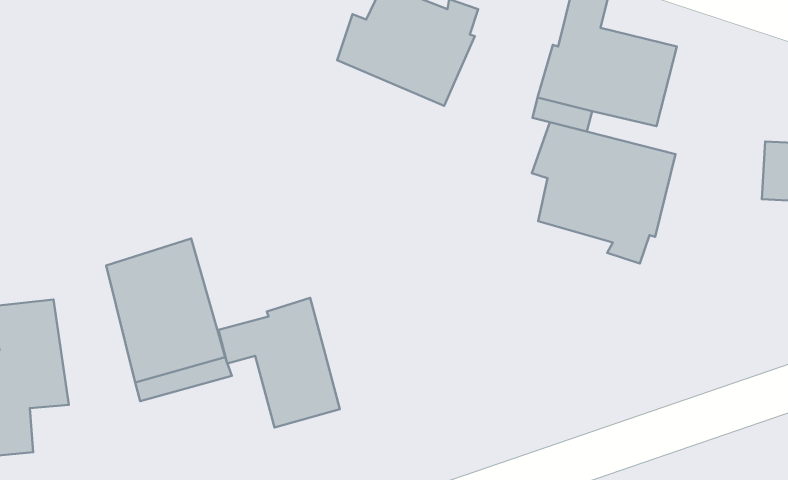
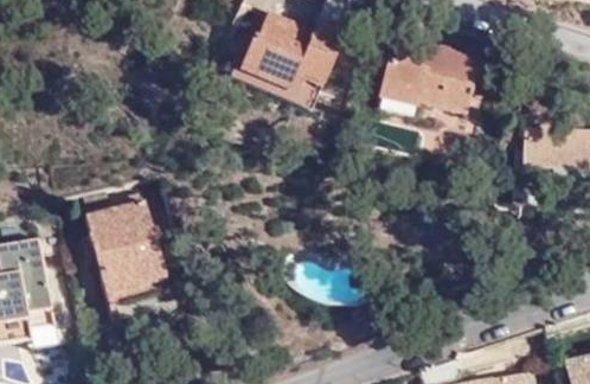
building: [532,122,676,263] -> none
building: [219,298,340,427] -> none

